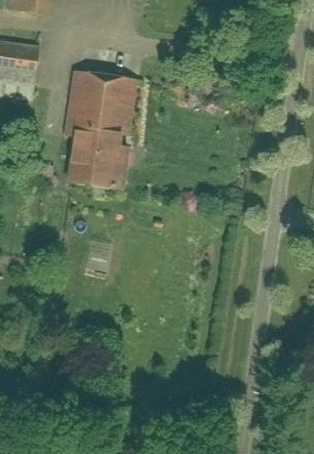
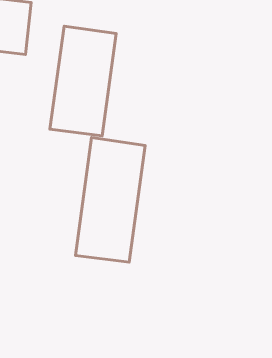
building: none -> [75,137,145,262]

